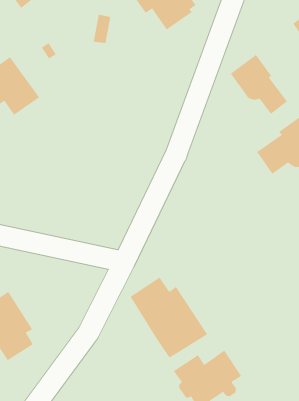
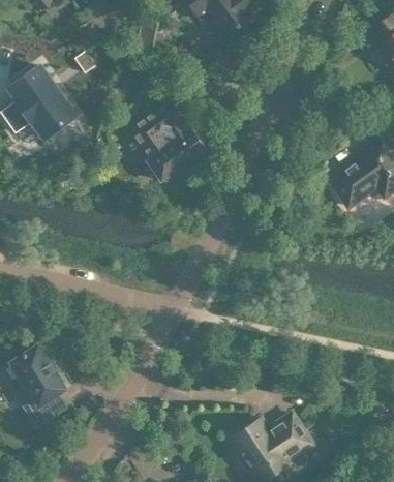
building: [230,54,288,115] -> none
building: none -> [131,101,207,181]
building: [130,277,208,358] -> none

